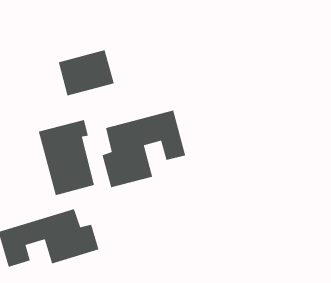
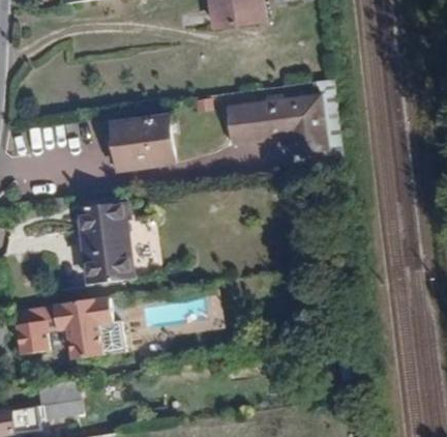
building: none -> [227,91,330,156]
building: [101,109,186,188] -> none

